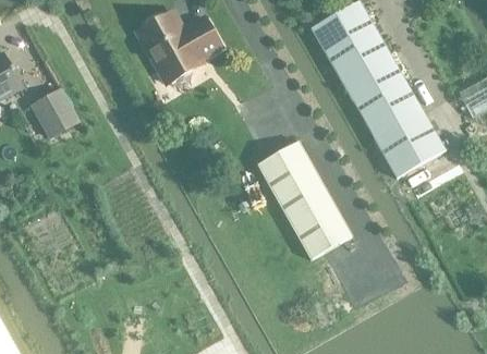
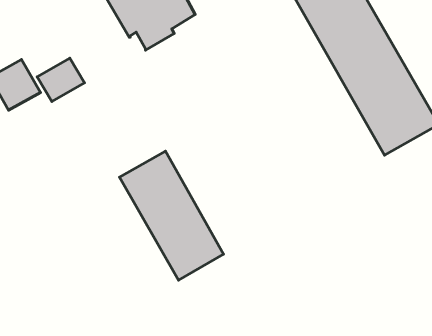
building: none -> [37,58,84,101]
building: [256,141,352,259] -> [119,151,223,280]

